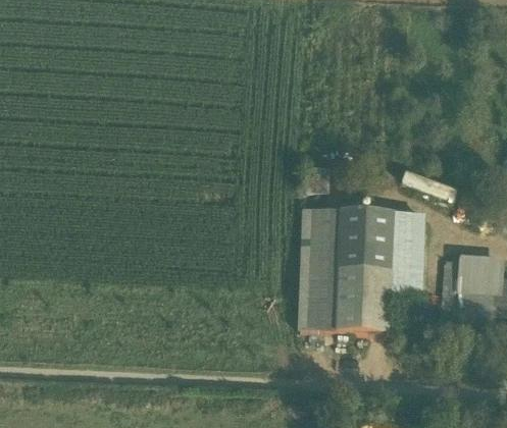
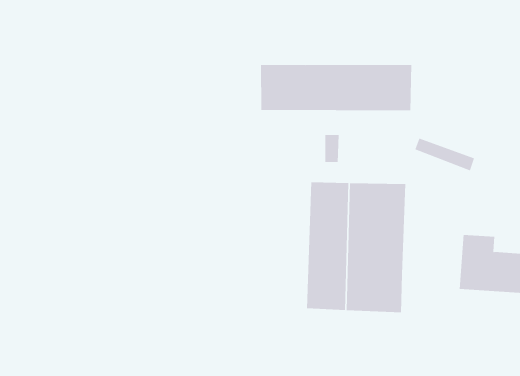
building: none -> [261,64,412,111]
building: [390,209,423,295] -> none

